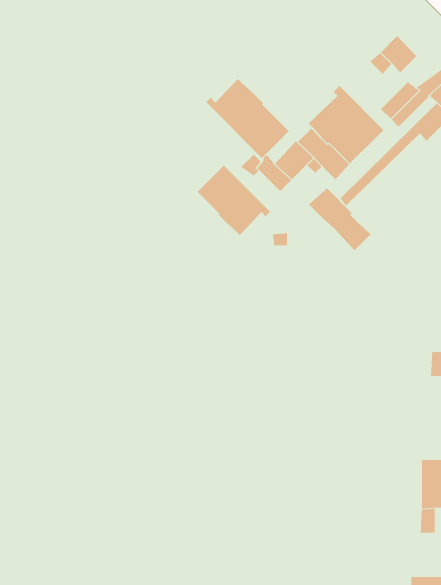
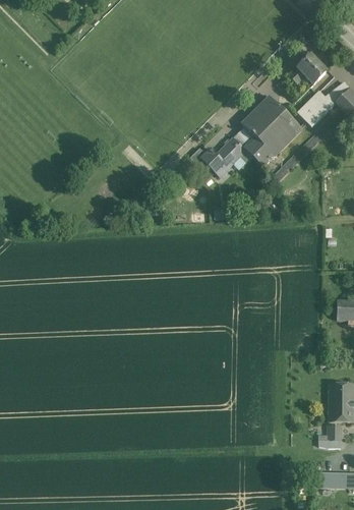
building: [205,78,290,159] -> none
building: [197,165,271,236] -> none
building: [308,187,372,251] -> none

